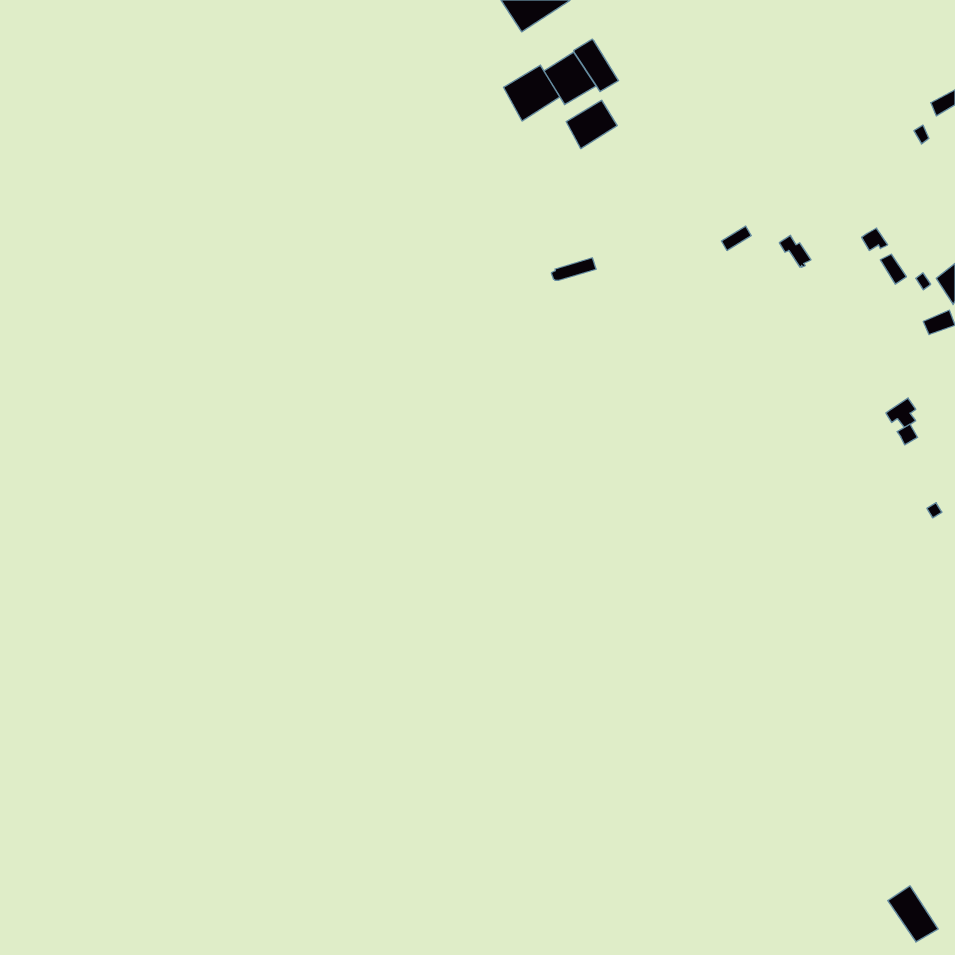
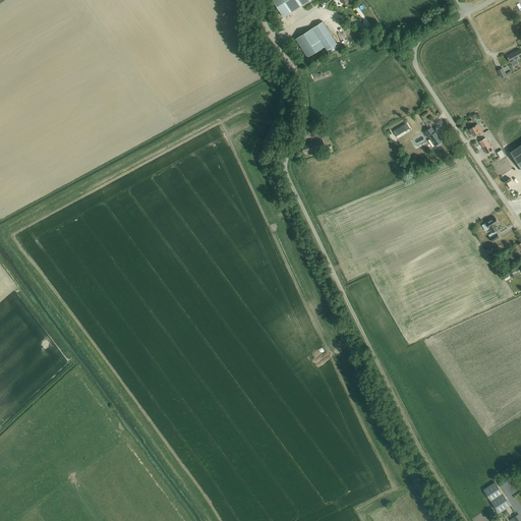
building: [504,65,560,121] -> none
building: [566,100,617,149] -> none

